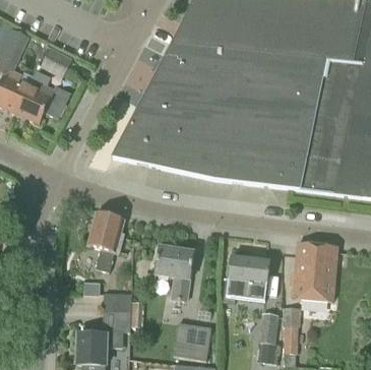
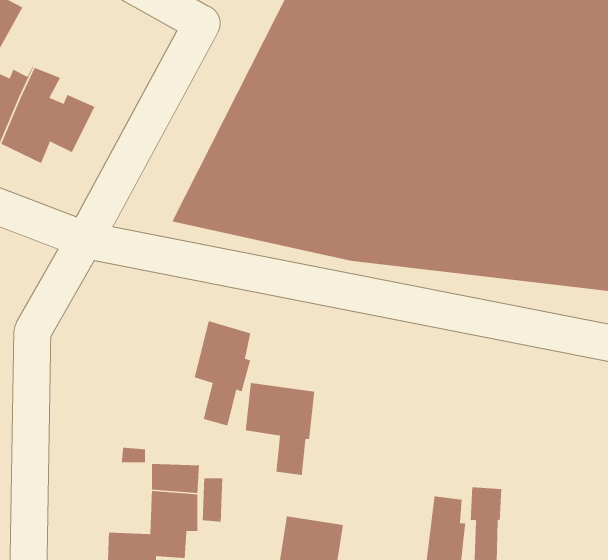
building: [40,46,72,76] -> none
building: [88,211,121,271] -> [194,320,251,427]
building: [292,242,336,301] -> none
building: [224,256,269,303] -> none

